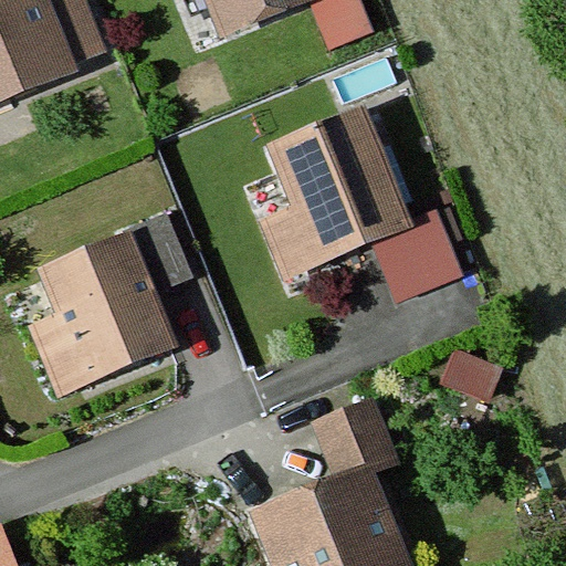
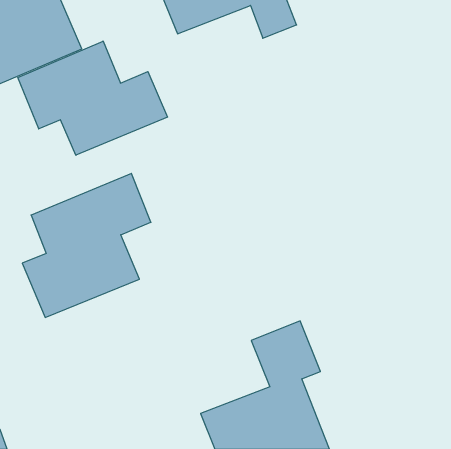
building: none -> [18,41,167,155]
building: [260,103,460,298] -> none

